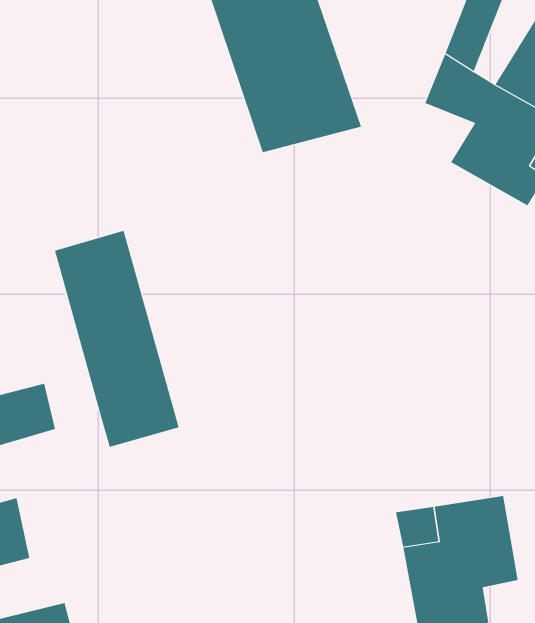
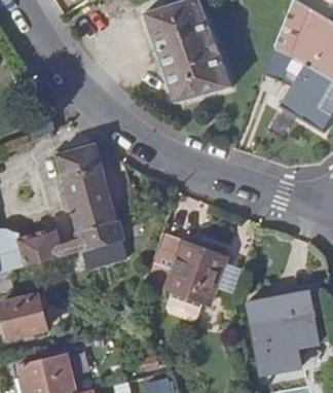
building: none -> [145,231,229,320]

